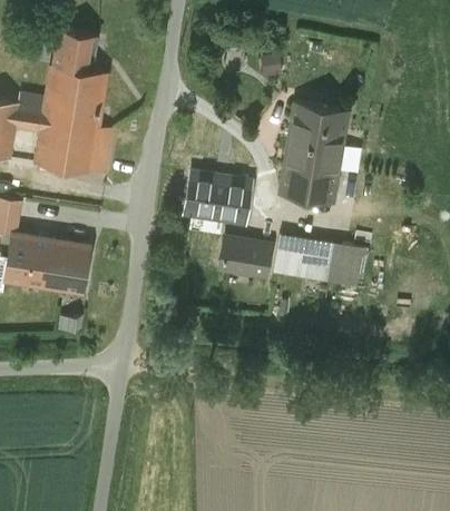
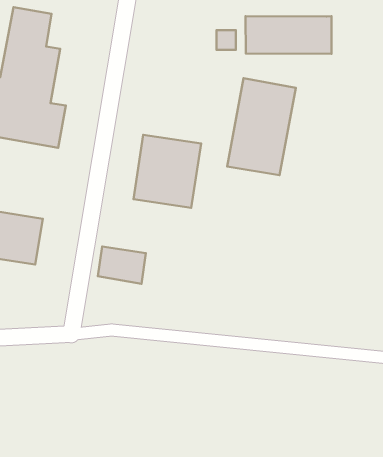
building: none -> [246,16,331,54]
building: [273,233,362,286] -> none
building: [219,238,268,276] -> [98,247,146,284]

